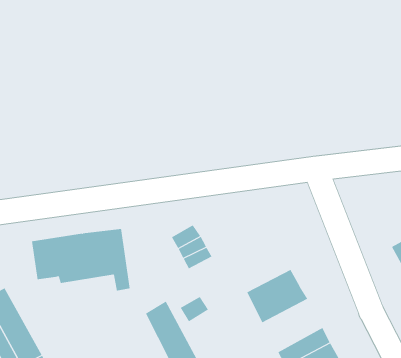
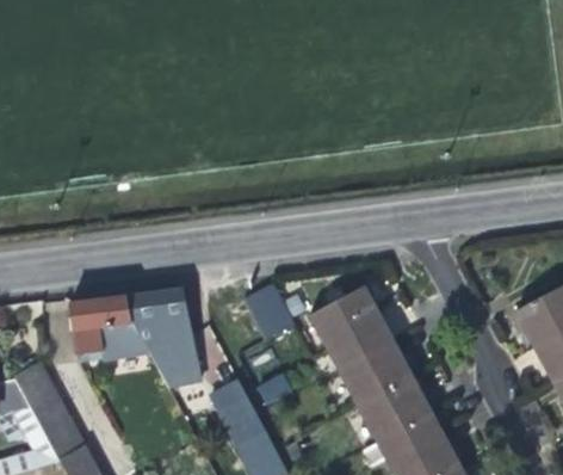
building: none -> [310,288,392,369]
building: none -> [357,377,432,443]

